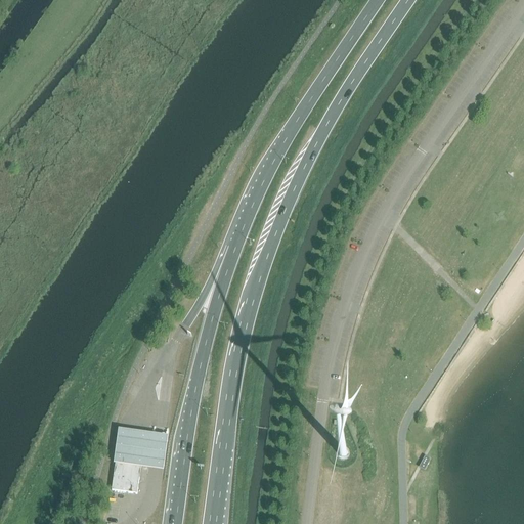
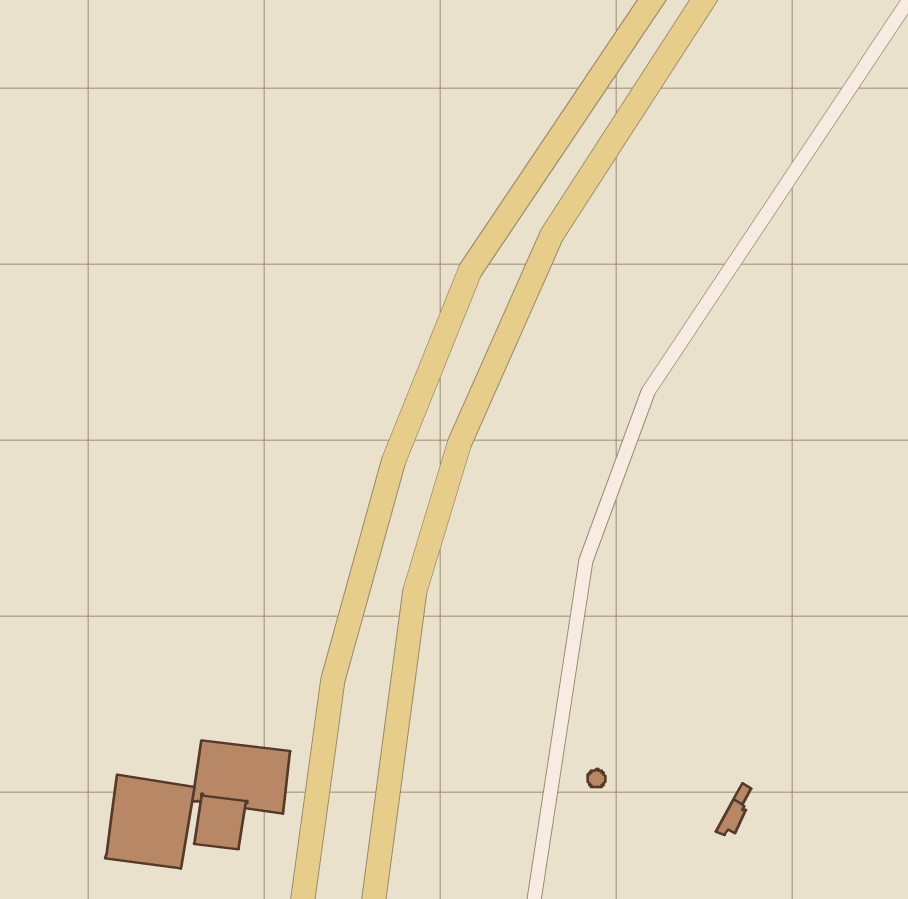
building: none -> [105,775,194,869]

